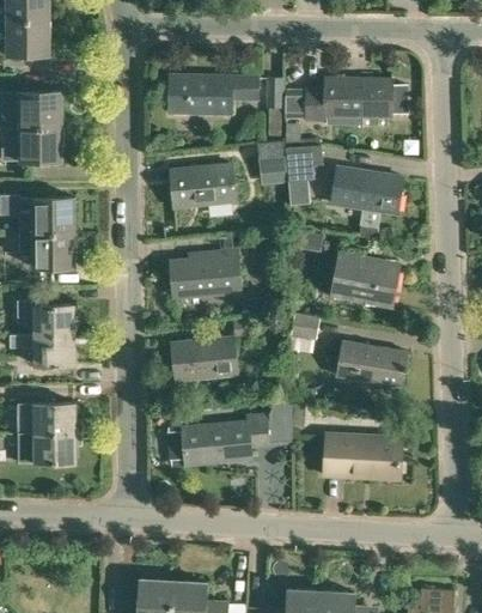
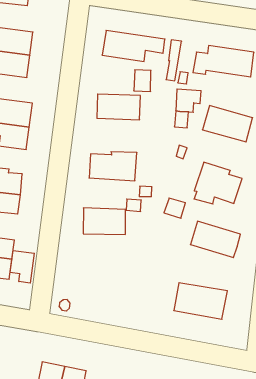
building: [257,139,285,172] -> [134,70,151,91]
building: [181,396,293,465] -> none
building: none -> [10,250,34,283]

